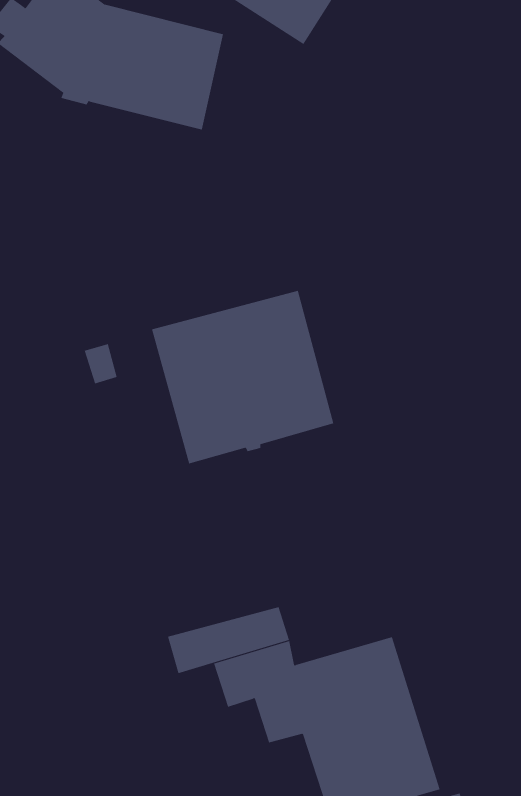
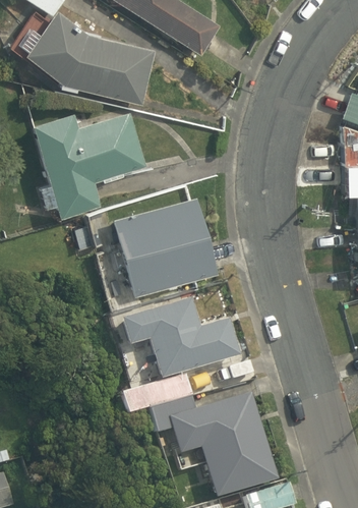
building: none -> [34,111,147,217]
building: none -> [124,300,242,381]

